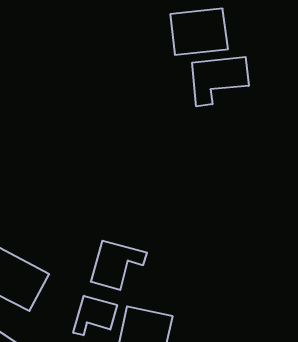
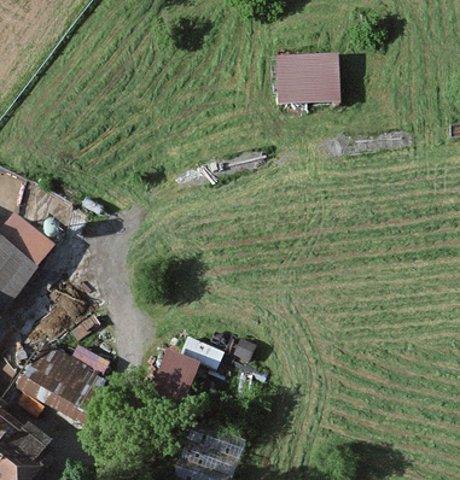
building: [192,57,249,106] -> none
building: [73,296,117,335] -> none

